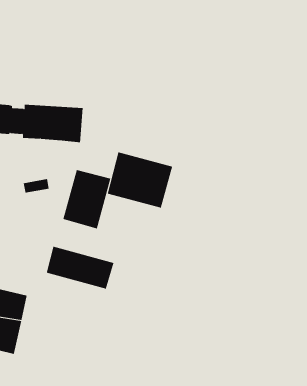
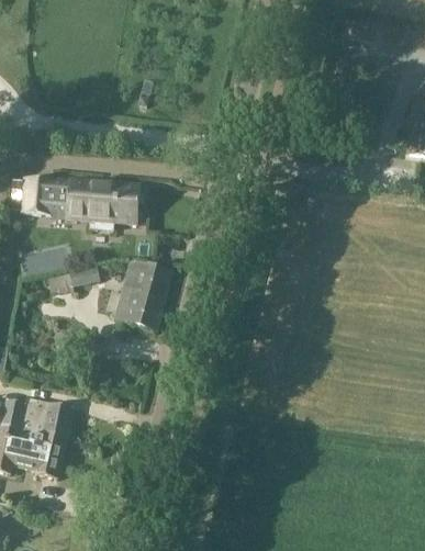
building: [107,151,173,209] -> none
building: [46,246,114,290] -> none

